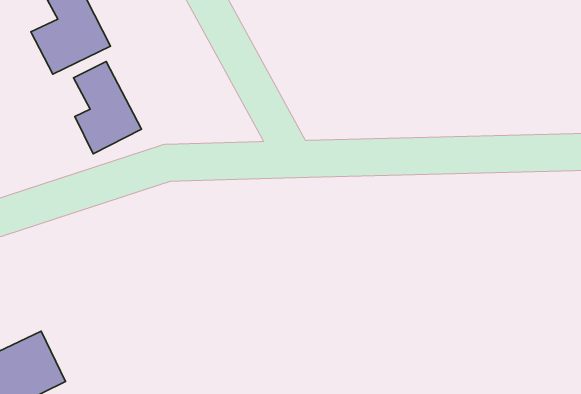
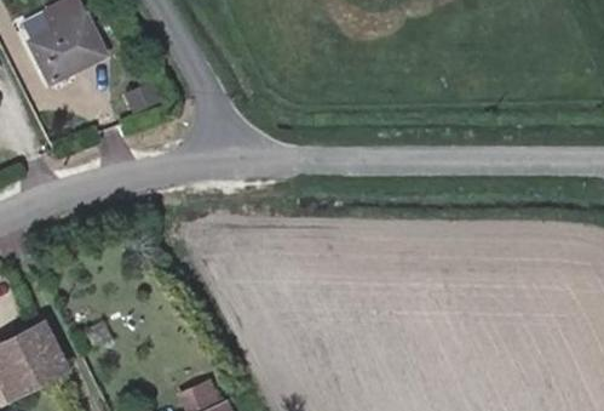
building: [73,61,142,154] -> none

